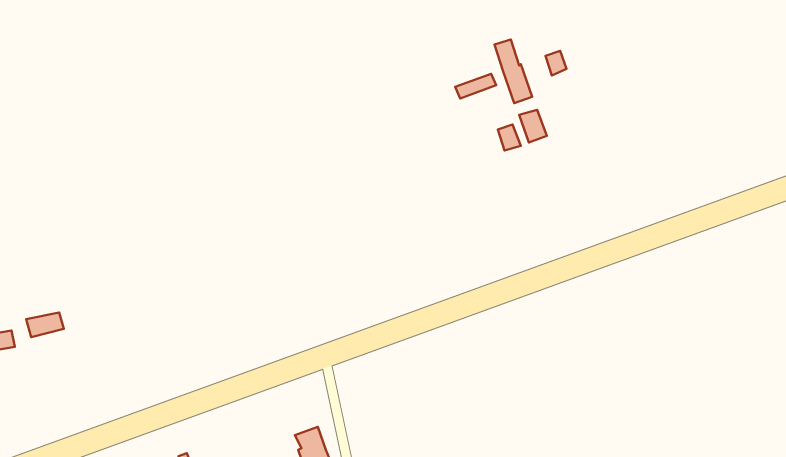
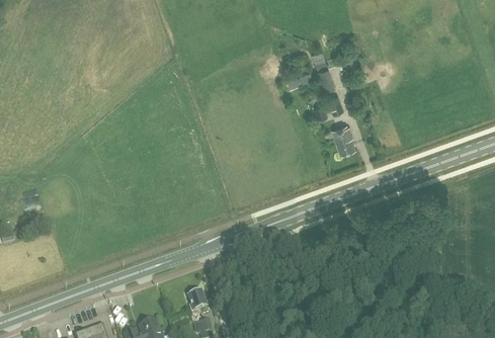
building: none -> [330,121,354,152]

